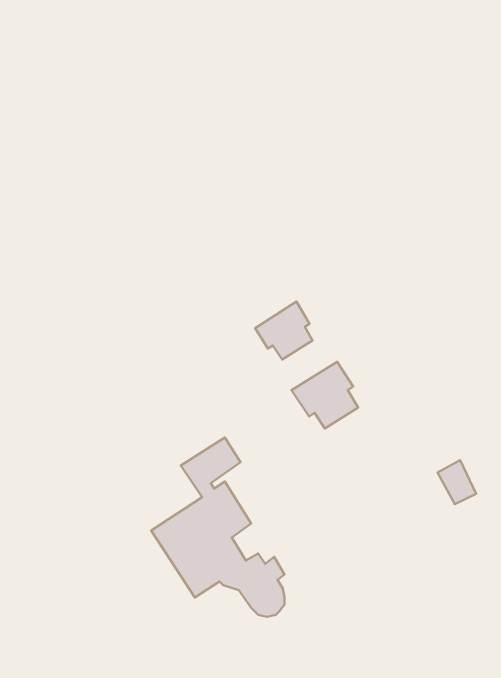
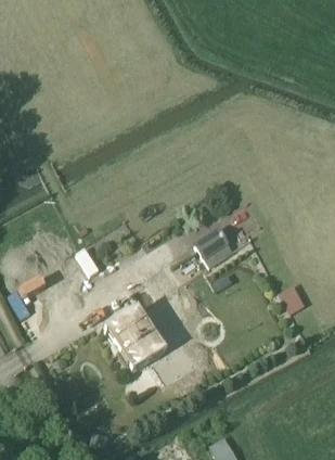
building: [255,302,313,360] -> none

